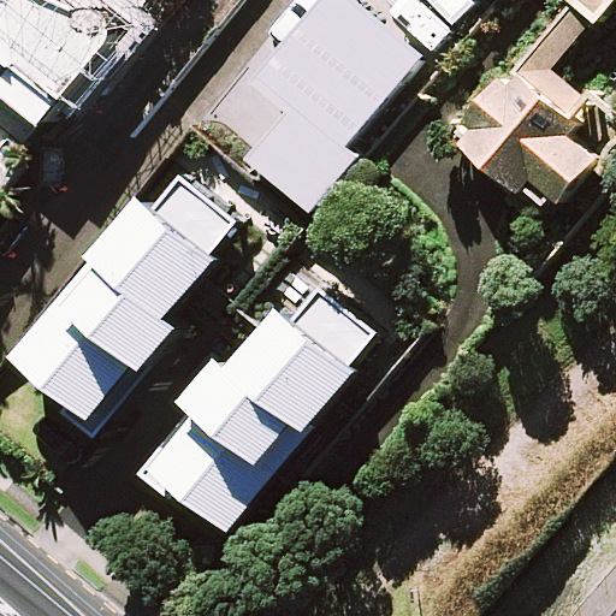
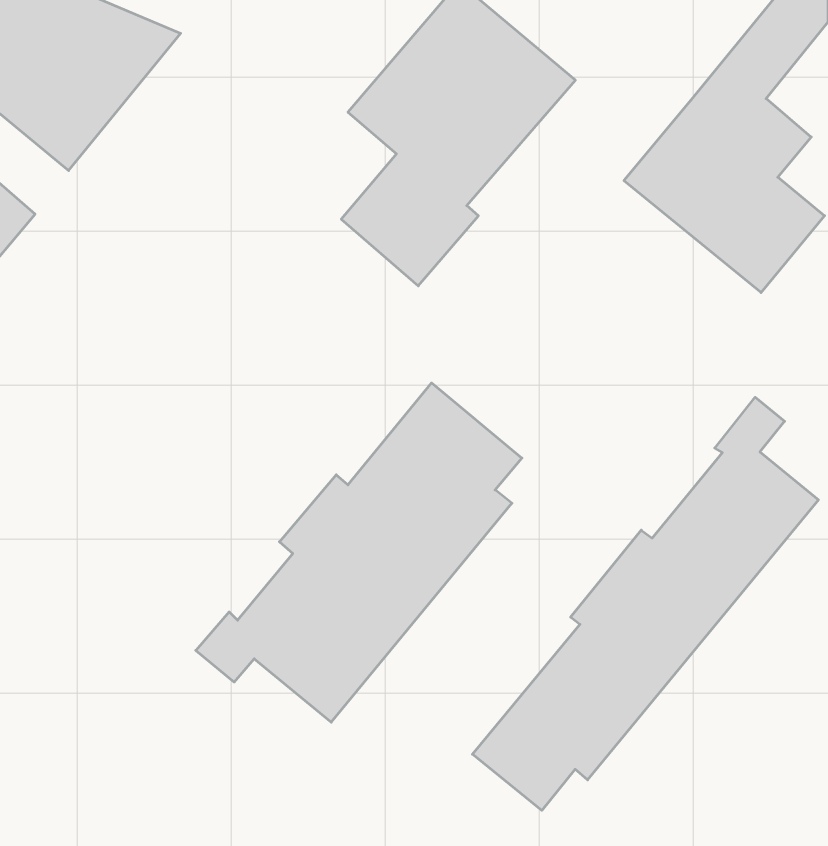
building: [23,173,232,431] -> none
building: none -> [472,397,818,810]

